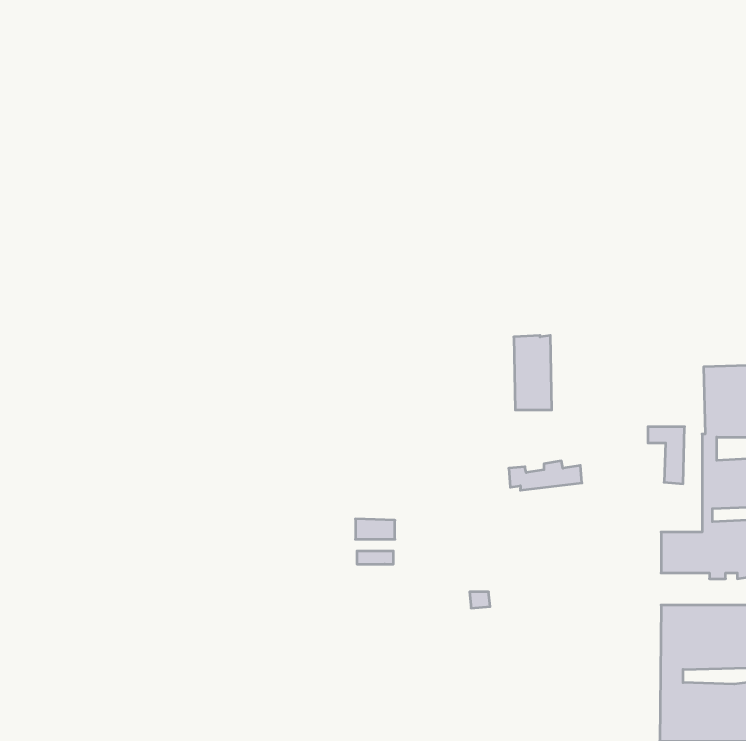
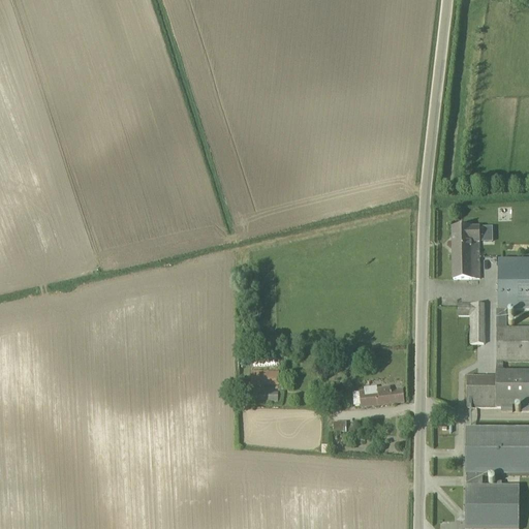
building: [514,335,552,410] -> [454,223,480,276]
building: [509,461,582,490] -> [353,383,405,404]

